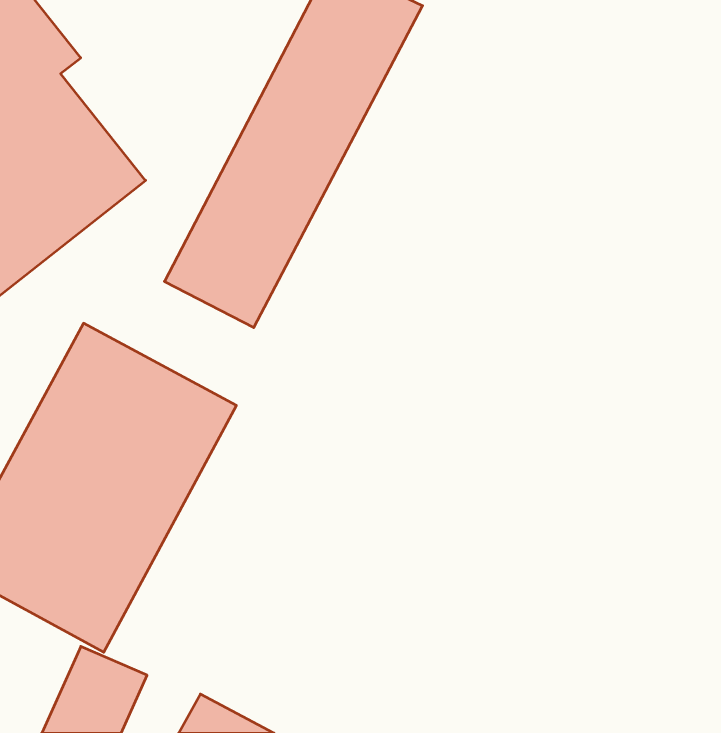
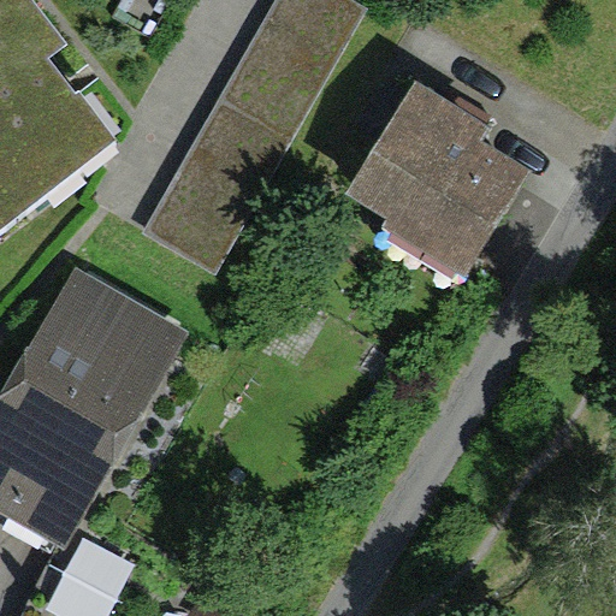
building: none -> [359,90,545,261]

